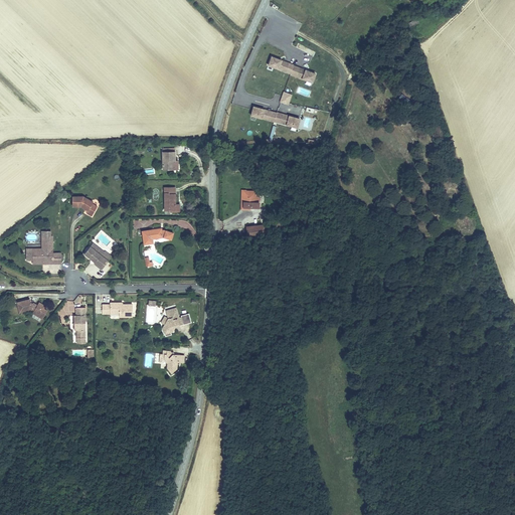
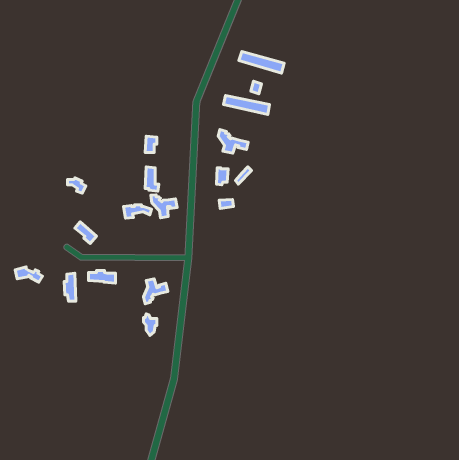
building: none -> [218,130,248,153]
building: none -> [151,195,177,218]
building: [34,235,60,264] -> none

